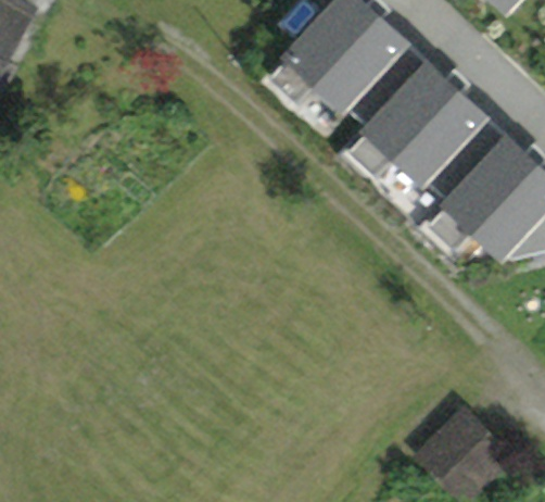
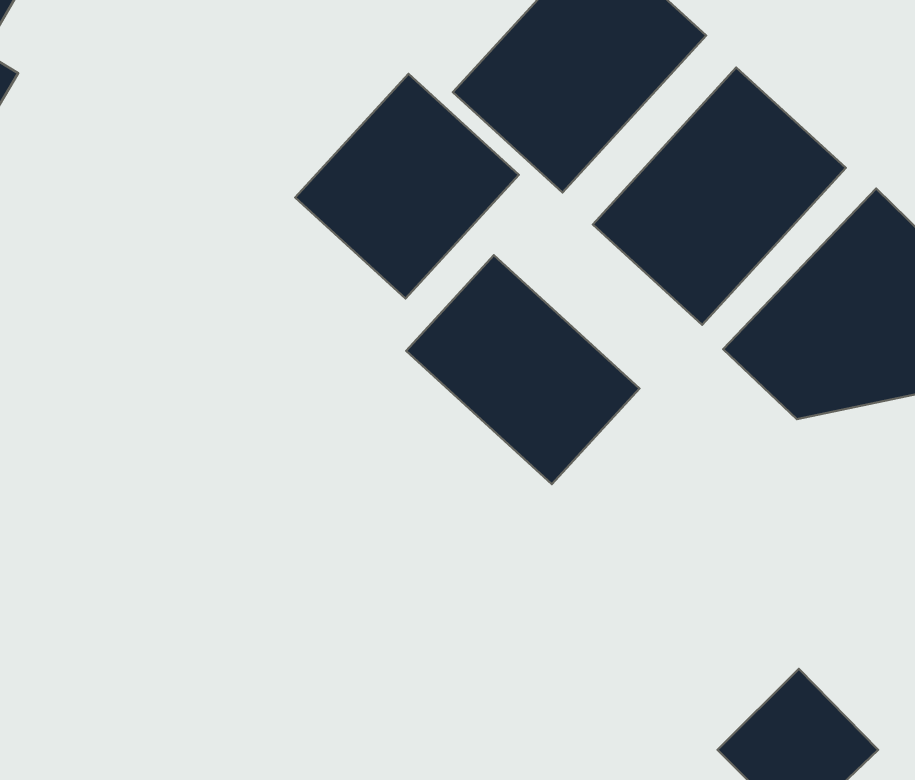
building: none -> [295,74,519,299]
building: none -> [406,255,640,484]

